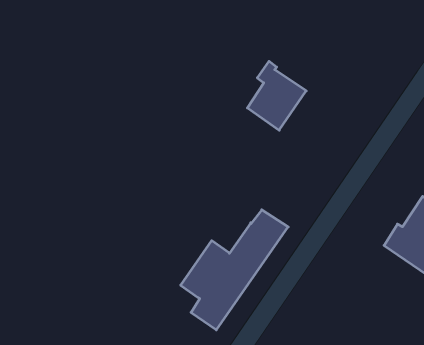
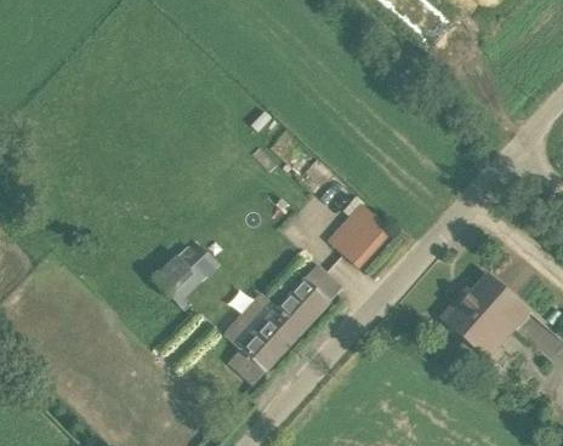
building: [247,61,306,130] -> [328,194,392,268]
building: none -> [153,244,220,302]

